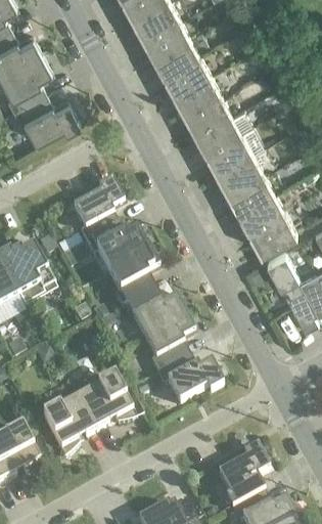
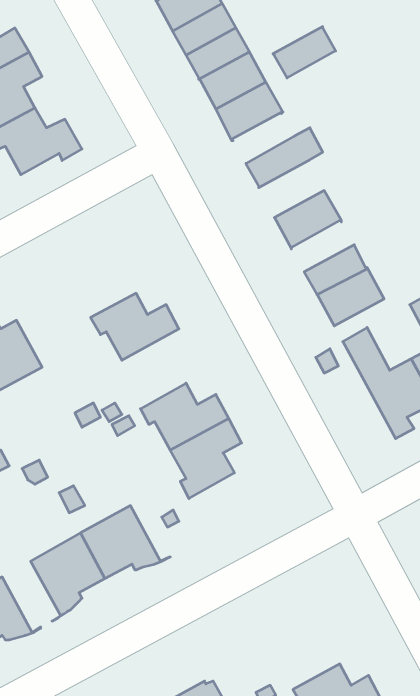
building: [184,93,229,130] -> [273,27,336,78]
building: [202,128,250,169] -> none
building: [227,171,272,208] -> none
building: [70,179,121,241] -> none
building: [105,249,155,306] -> none
building: [153,352,220,400] -> none
building: [215,445,266,508] -> none

